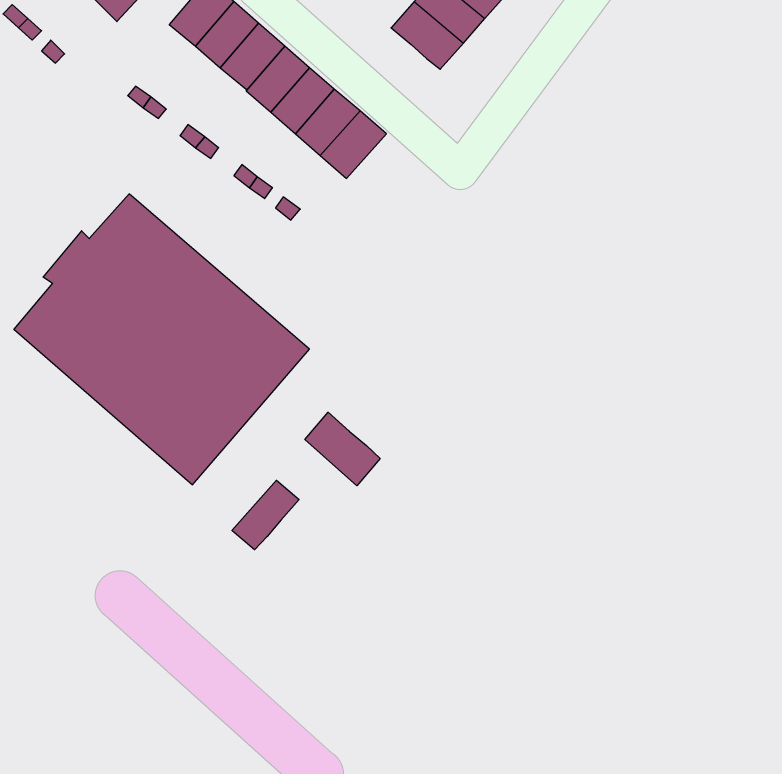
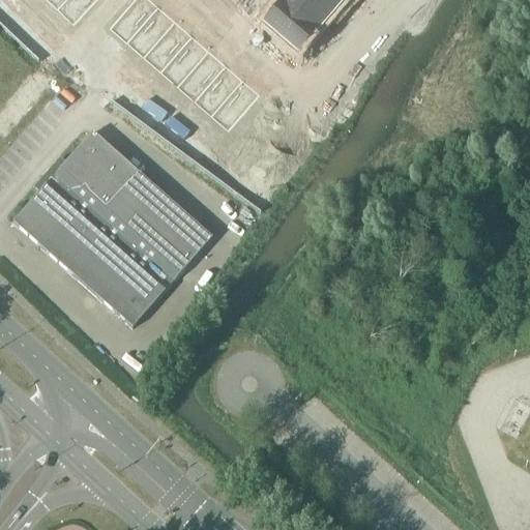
building: [305,412,380,486] -> none
building: [232,480,299,550] -> none

